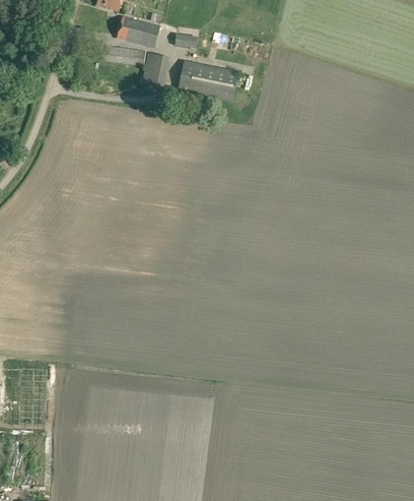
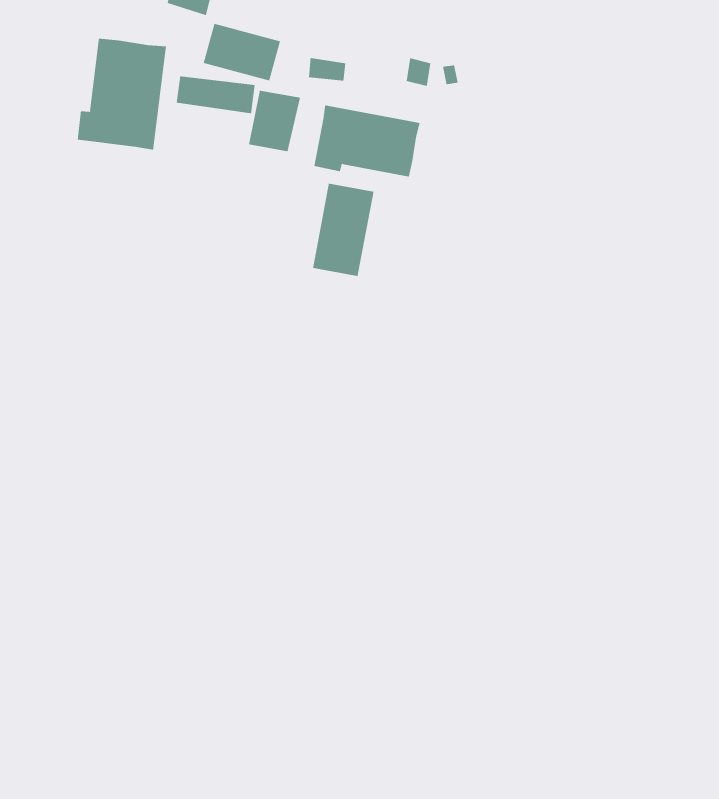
building: none -> [77,38,166,151]
building: none -> [312,183,374,277]

